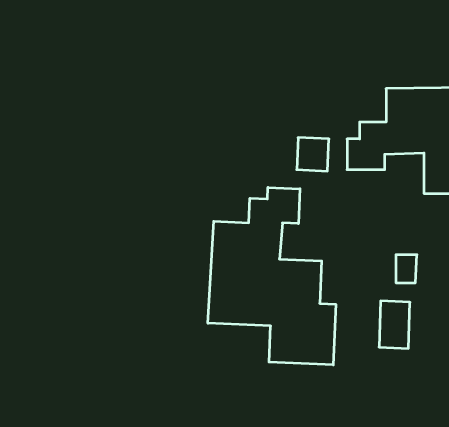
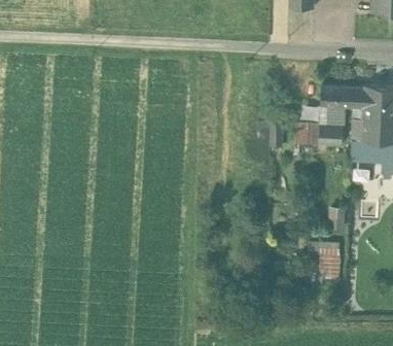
building: [208,187,336,365] -> none

